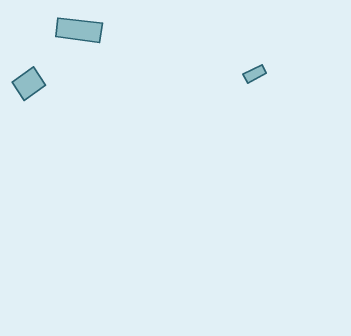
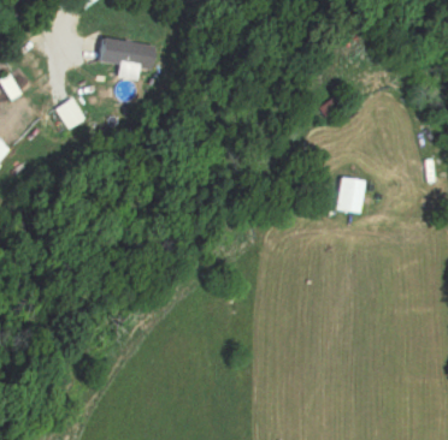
building: none -> [338,172,366,213]

